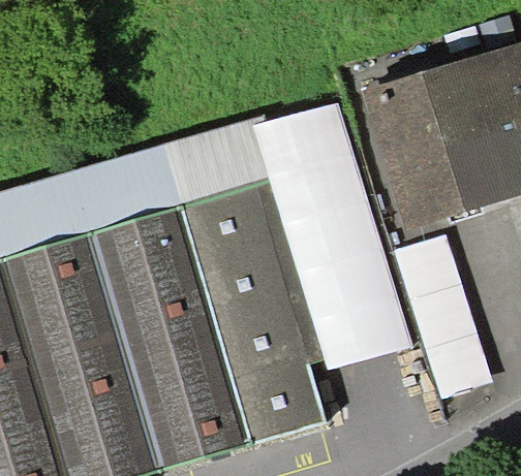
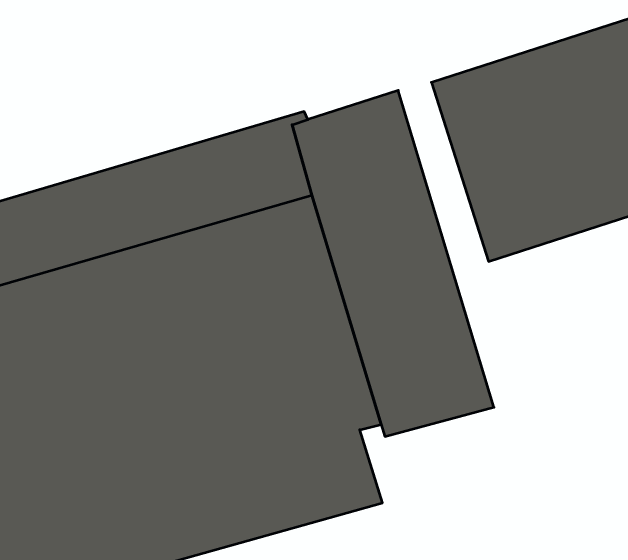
building: [394,234,492,398] -> none

